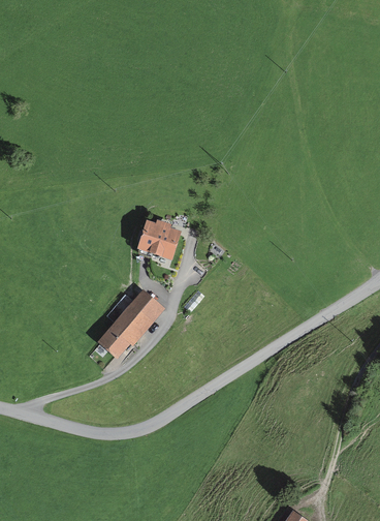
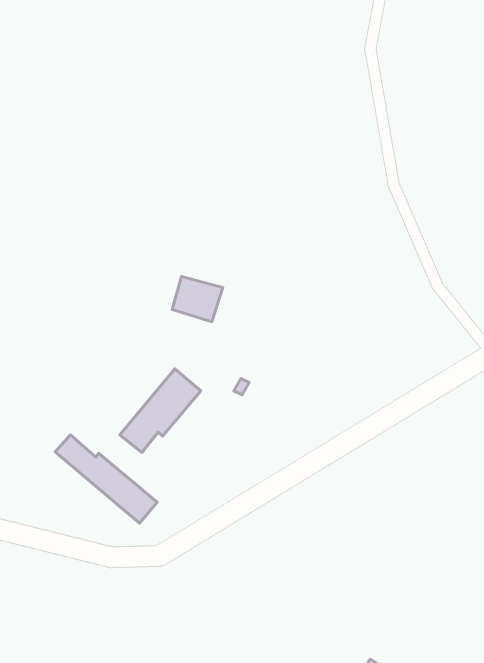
building: none -> [55,435,157,523]

